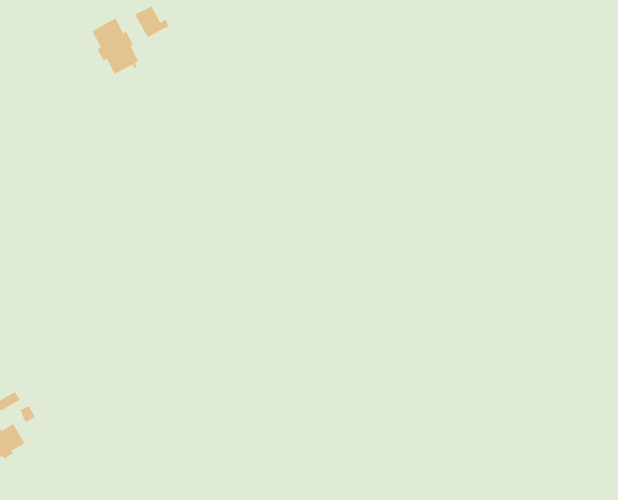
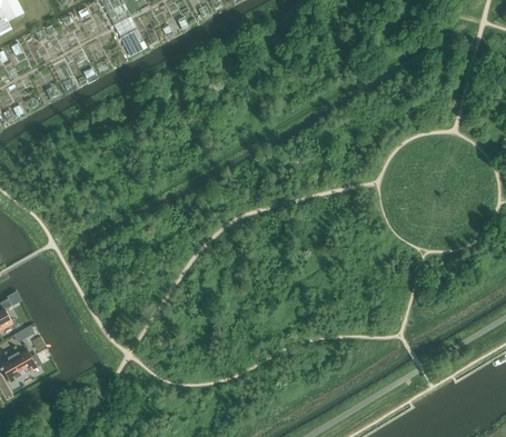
building: [91,18,139,75] -> none

